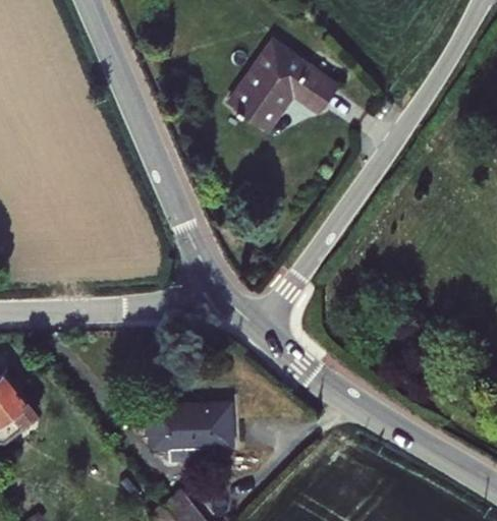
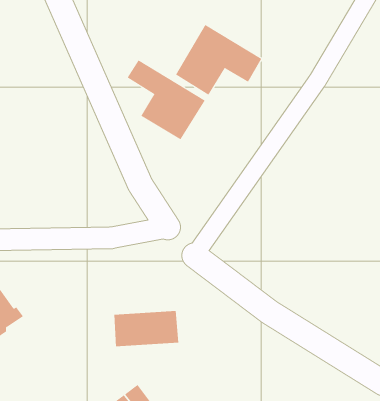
building: none -> [127,59,205,140]

